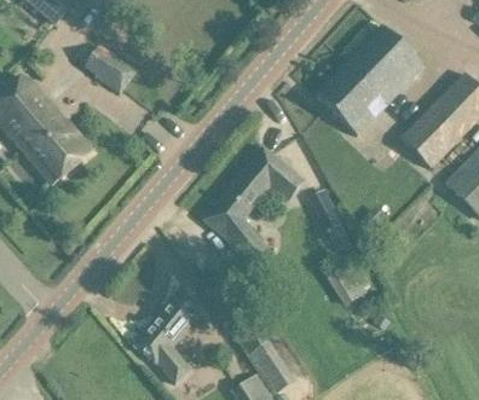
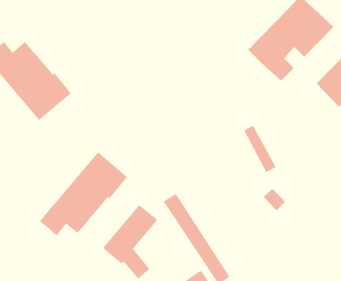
building: [83,42,137,92] -> none
building: [203,146,302,271] -> none
building: none -> [39,152,128,236]

